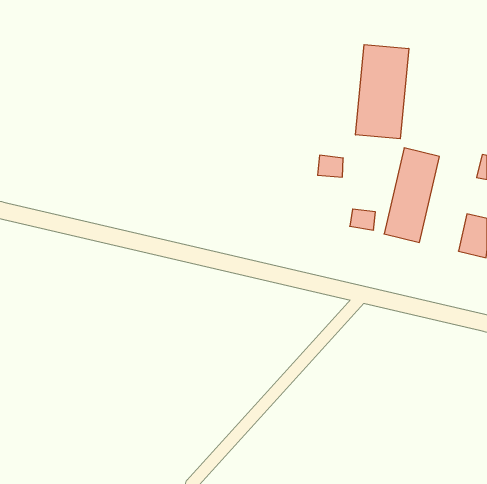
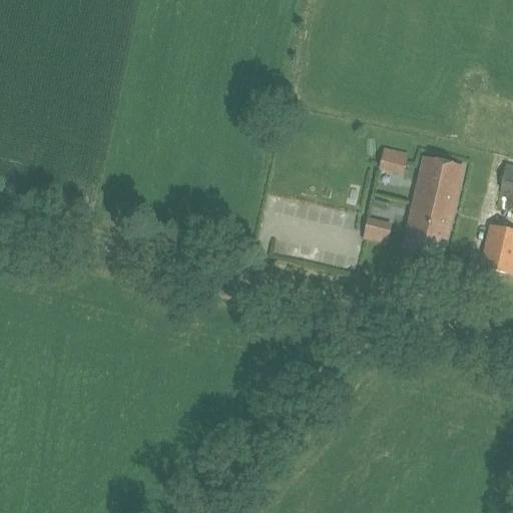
building: [356,45,409,139] -> none
building: [318,155,343,177] -> [384,146,411,169]

